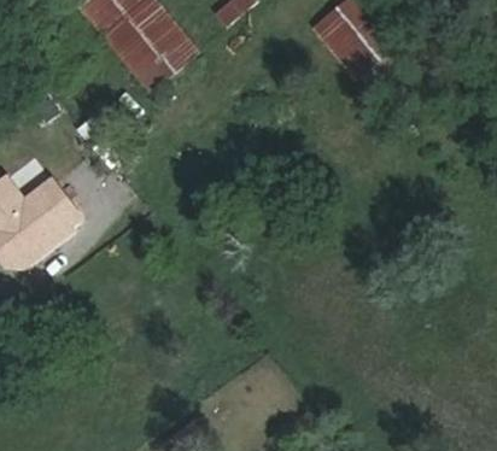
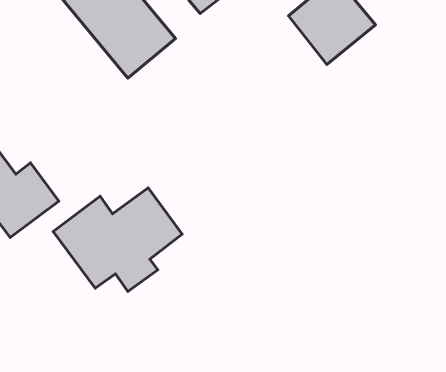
building: none -> [53,188,182,291]

